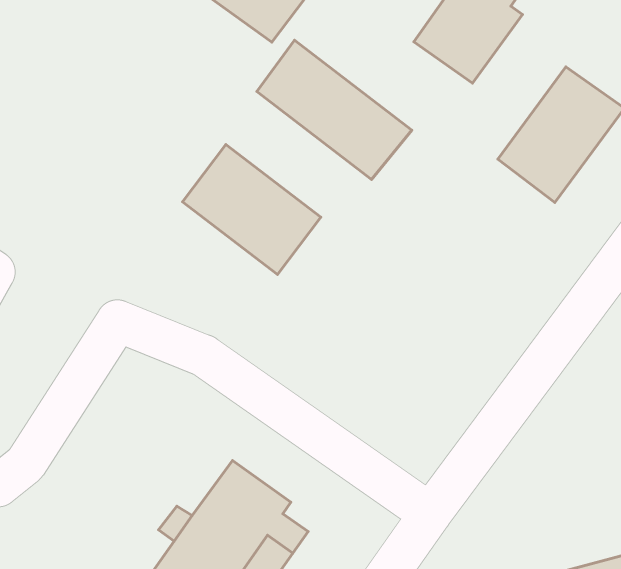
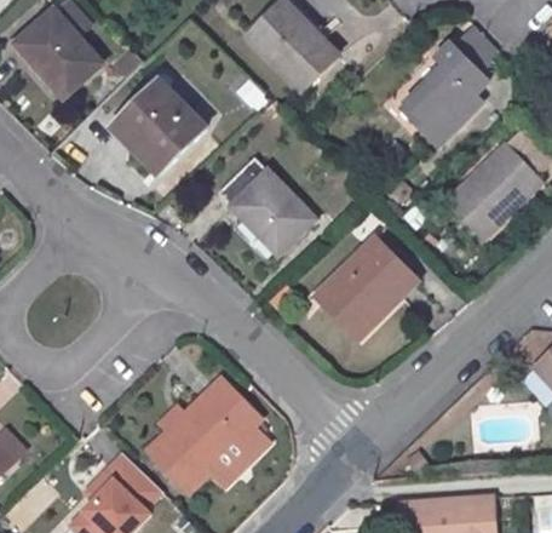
building: [257,40,412,179] -> none
building: none -> [116,79,206,170]
building: none -> [322,239,415,337]

